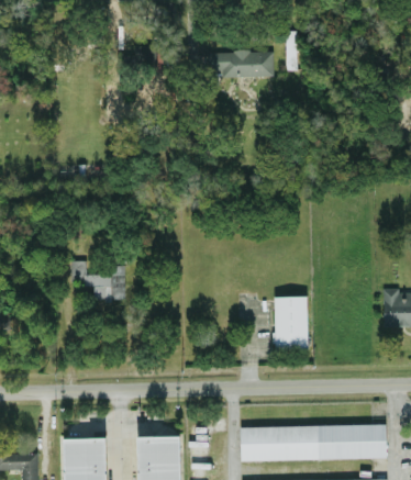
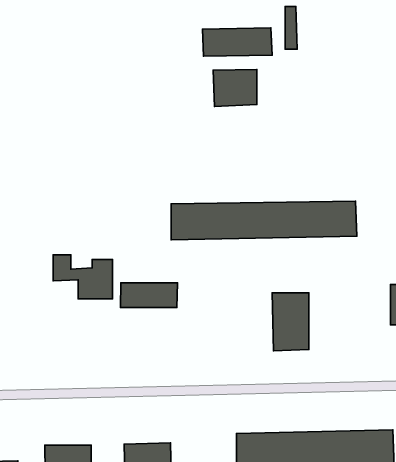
building: none -> [213,69,257,106]
building: none -> [171,201,357,240]
building: none -> [120,283,177,308]

